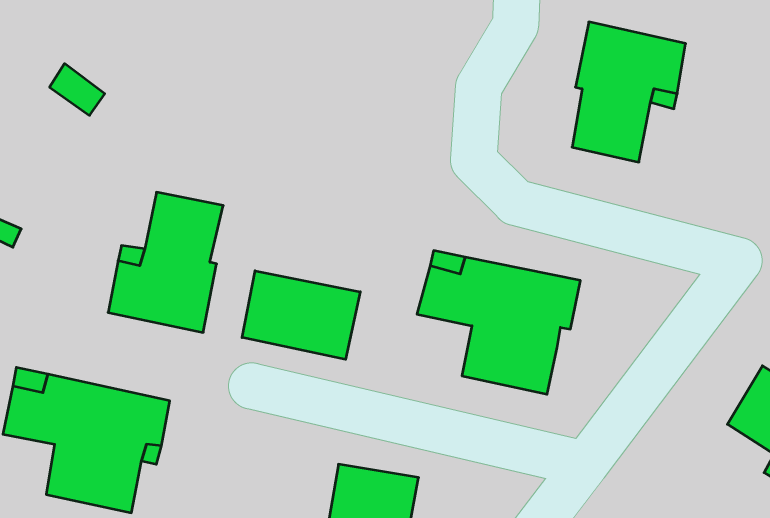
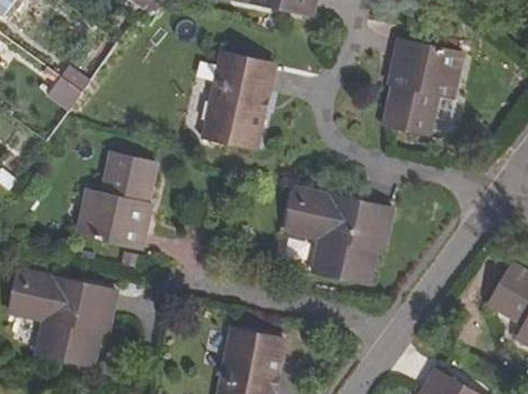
building: none -> [204,54,272,149]
building: [242,271,360,359] -> none

